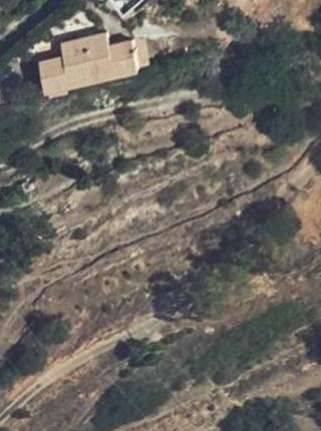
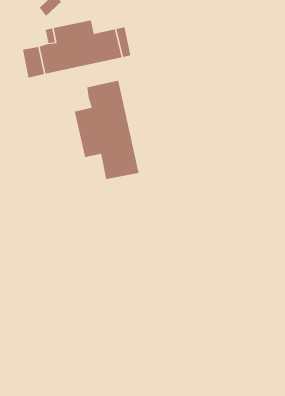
building: none -> [74,80,139,180]

